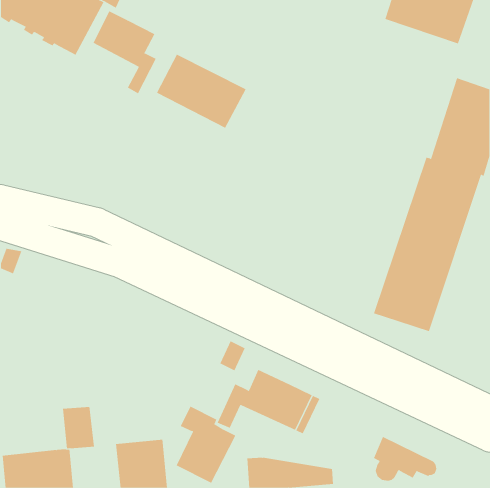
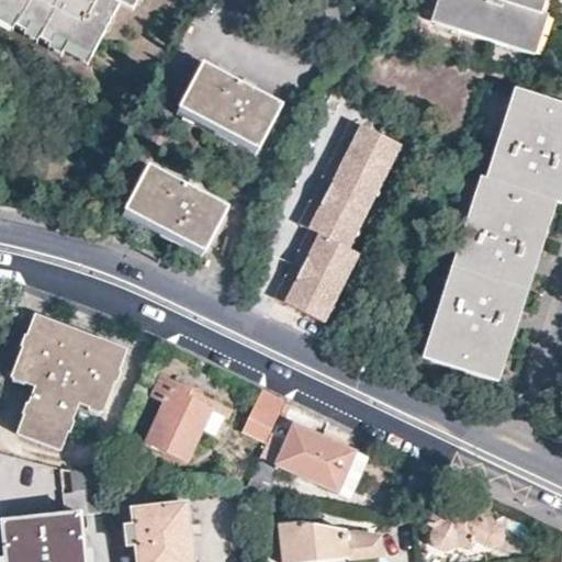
building: [93,10,157,94] -> none
building: none -> [276,117,405,321]
building: none -> [125,165,227,250]
building: none -> [13,316,125,448]
building: [176,406,236,484] -> [144,372,213,461]

